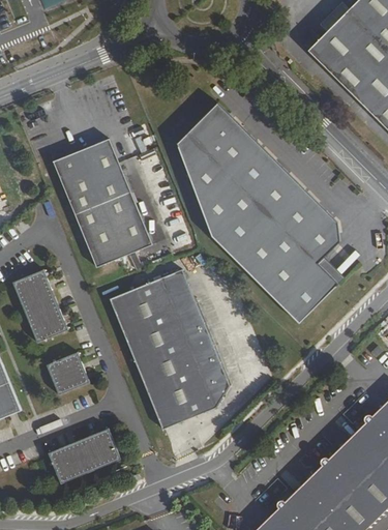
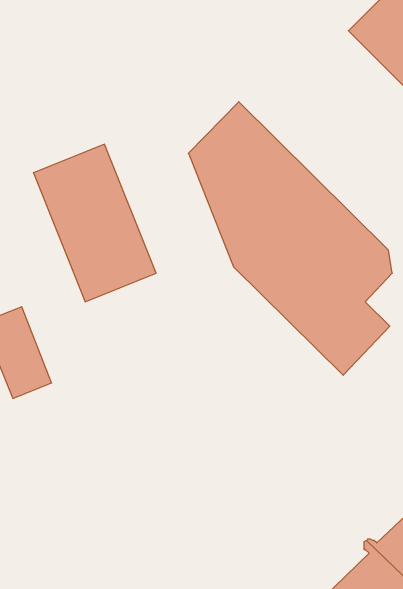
building: [110,270,230,429] -> none
building: [46,353,90,396] -> none
building: [48,430,120,485] -> none

